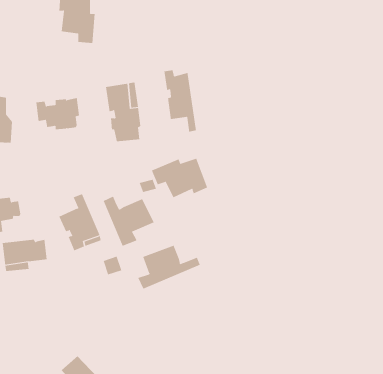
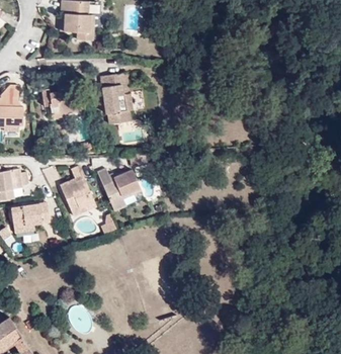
building: [164,70,197,133] -> none
building: [151,158,208,198] -> none
building: [138,245,200,289] -> none

